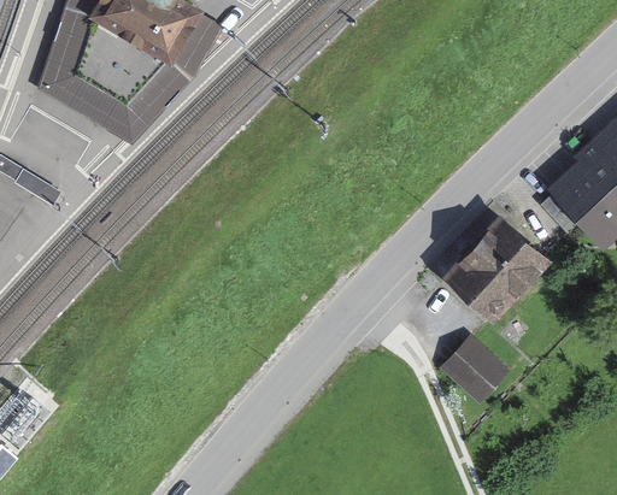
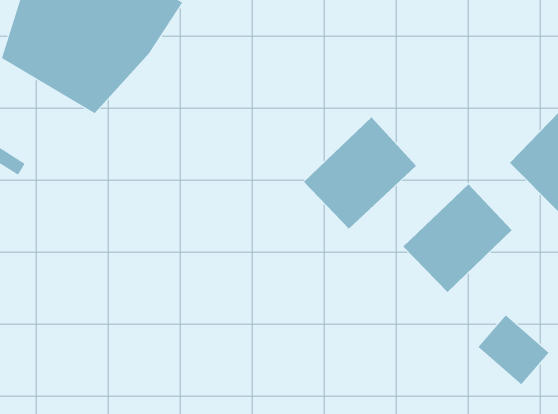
building: none -> [303,117,417,230]
building: [440,331,515,405] -> [478,314,549,385]

